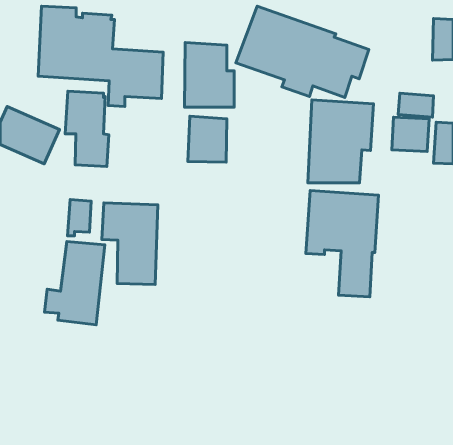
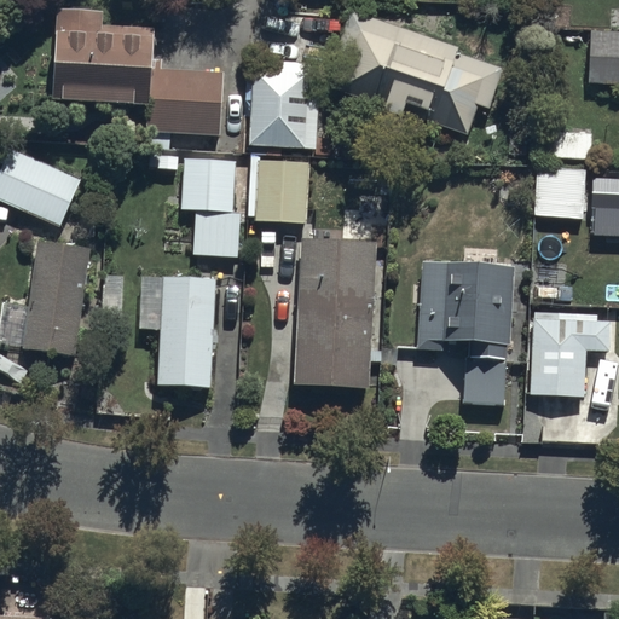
building: [65,91,109,167] -> [181,151,241,254]
building: [308,100,373,183] -> none
building: none -> [294,241,377,388]
building: none -> [531,314,609,394]
building: [45,241,105,325] -> [6,244,88,358]

